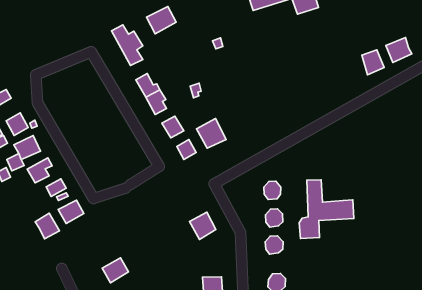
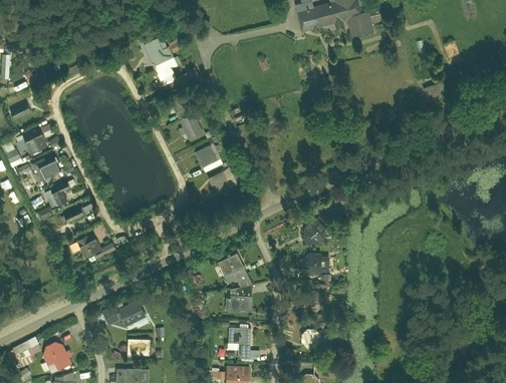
building: [146,7,176,34] -> none
building: [386,38,412,62] -> none
building: [197,119,226,148] -> none
building: [299,180,354,239] -> none
building: [35,213,59,239] -> none
building: none -> [226,285,252,311]

